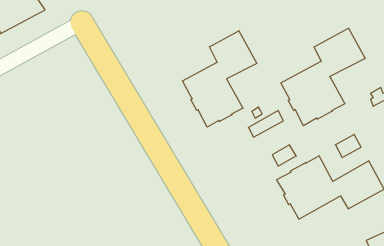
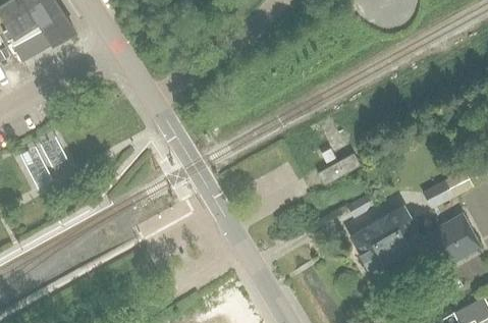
building: [281,28,365,126] -> none
building: [183,31,257,127] -> none

